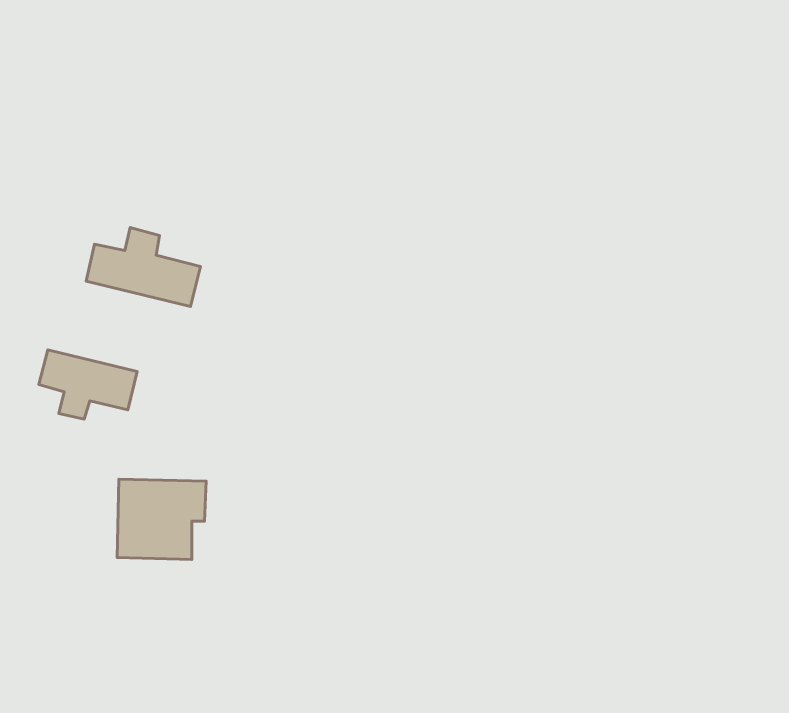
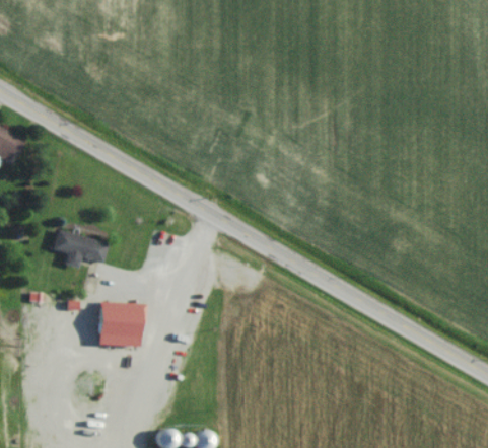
building: [86,228,201,307] -> none

